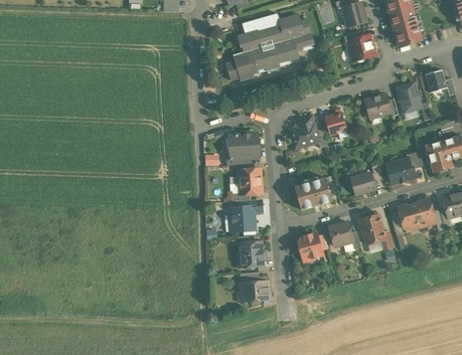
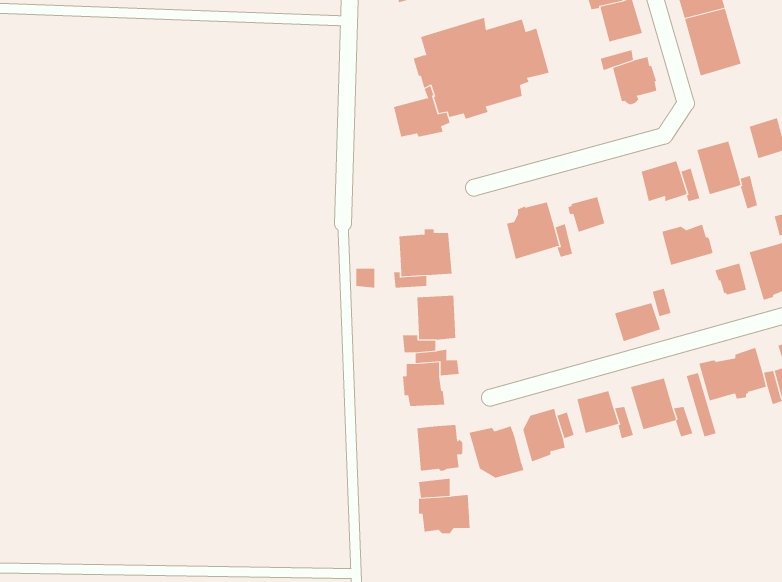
building: [386,161,415,184] -> [661,224,714,266]
building: [294,178,331,210] -> none
building: none -> [469,426,524,479]

